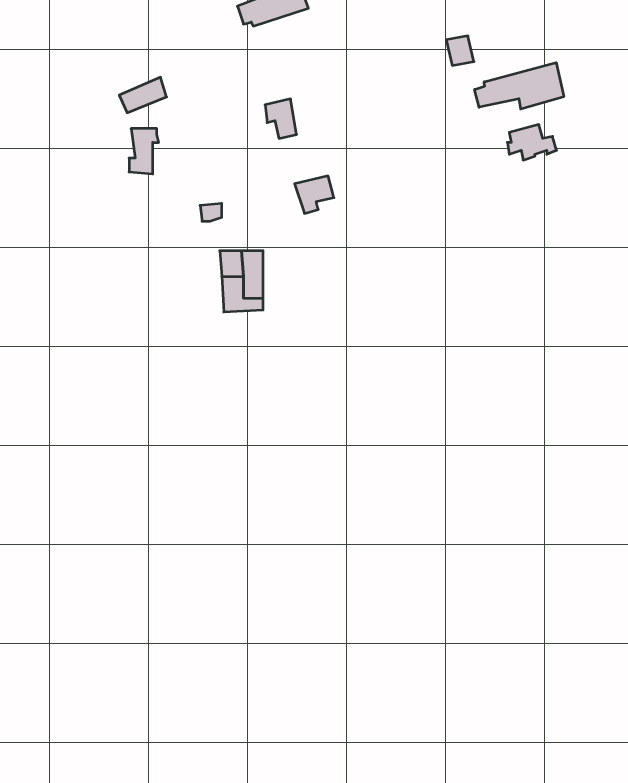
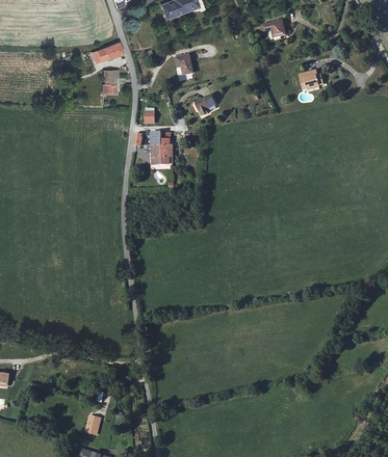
building: [475,63,564,109] -> none

